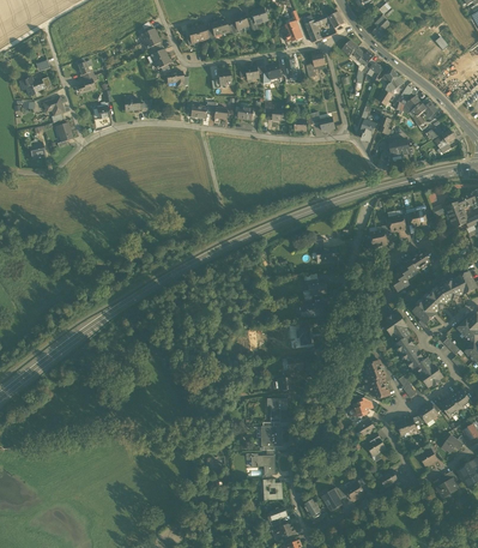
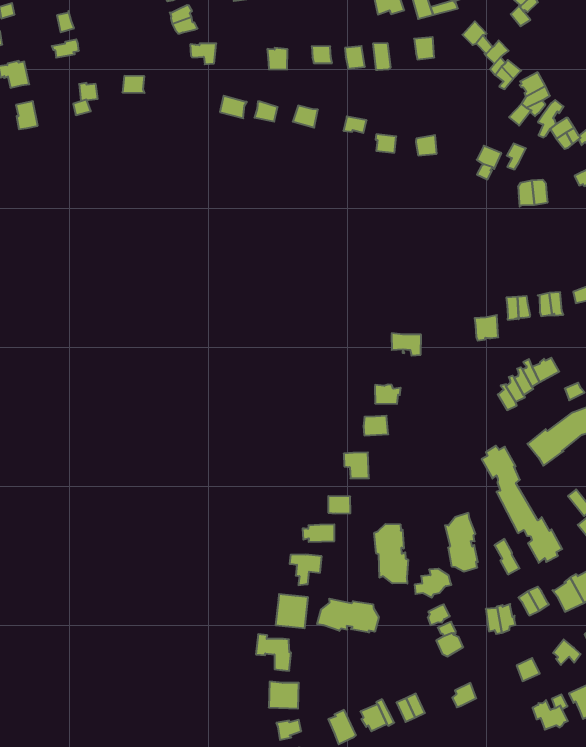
building: none -> [374,524,408,584]
building: none -> [317,599,379,633]

